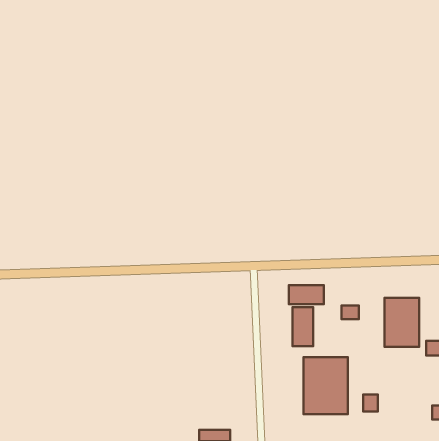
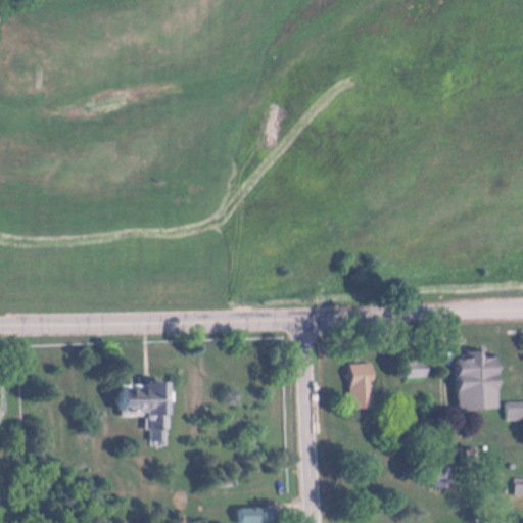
building: [289,285,324,304] -> none
building: none -> [120,381,169,445]
building: [303,357,348,414] -> none

